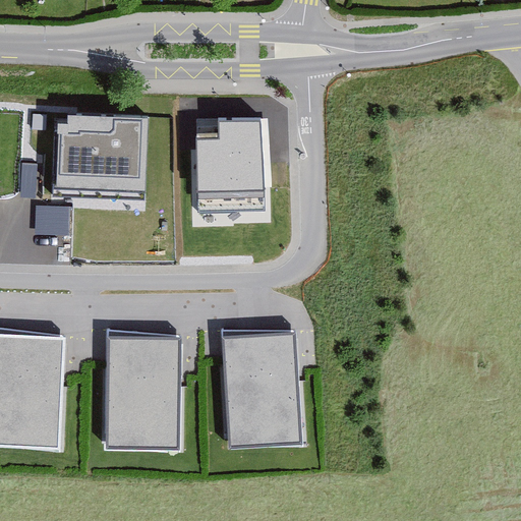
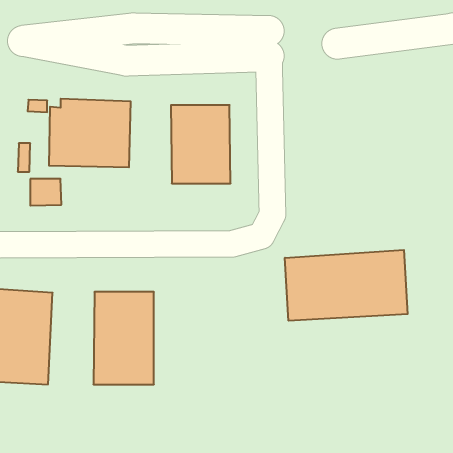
building: none -> [285,250,408,321]
building: [223,330,297,441] -> none

